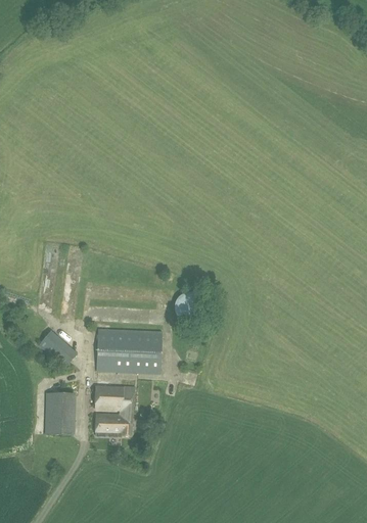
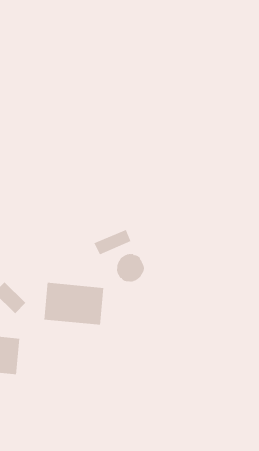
building: none -> [94,229,131,255]
building: [95,386,131,435] -> none

